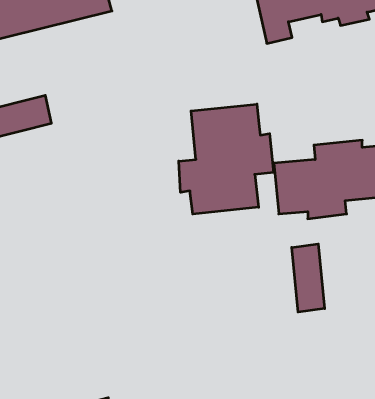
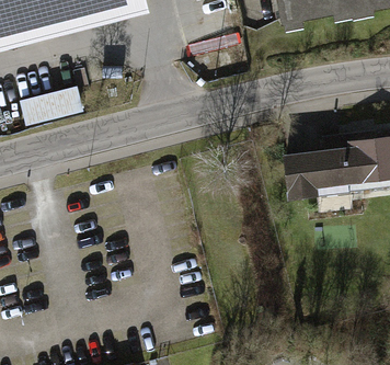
building: [179,104,273,214] -> none
building: [292,244,325,312] -> none

